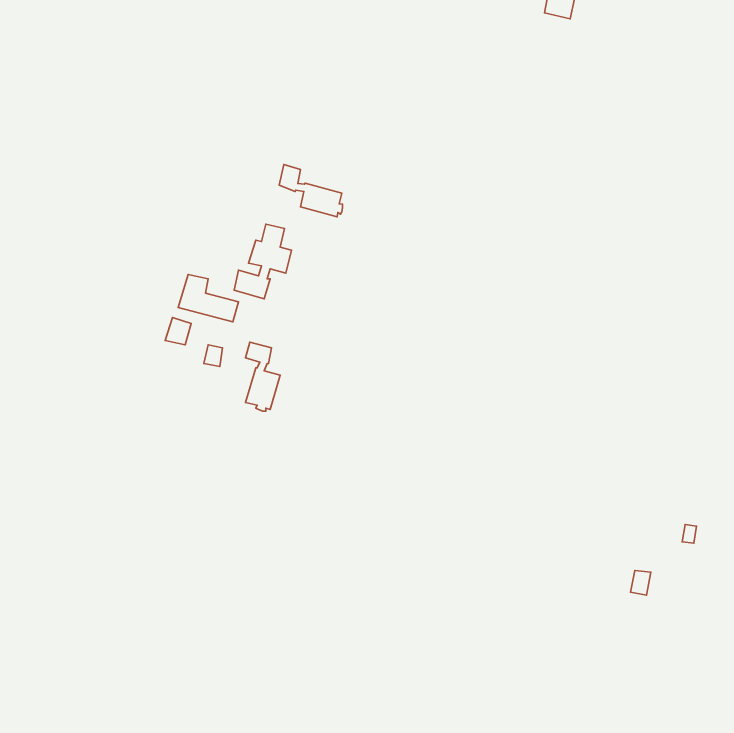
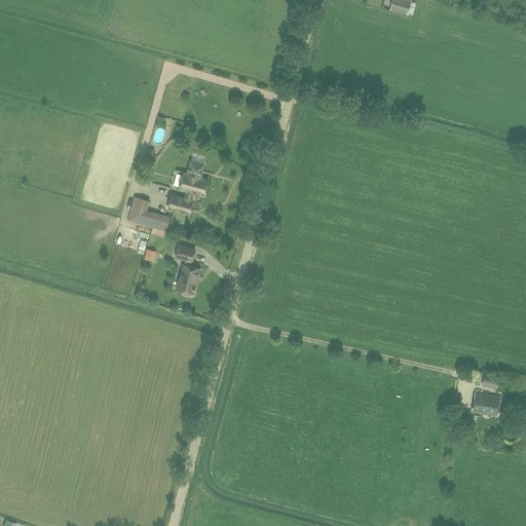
building: [279,165,342,217] -> none
building: none -> [472,391,500,415]

